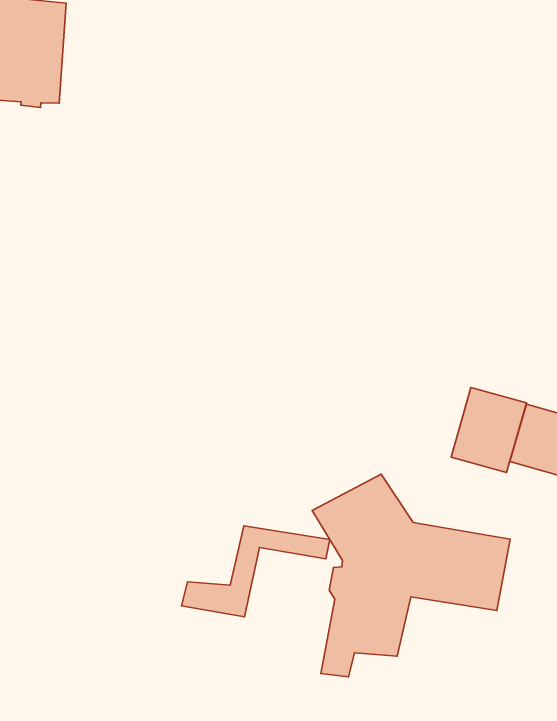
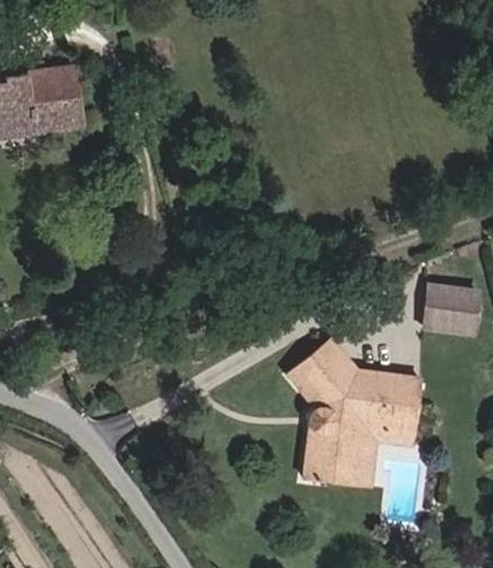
building: [451,388,526,472] -> none
building: [181,526,330,617] -> [324,426,419,487]

